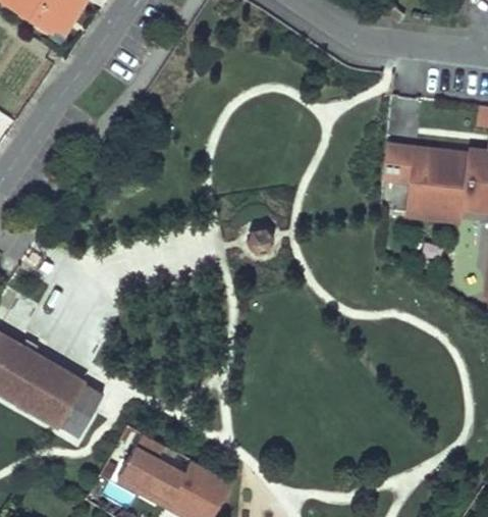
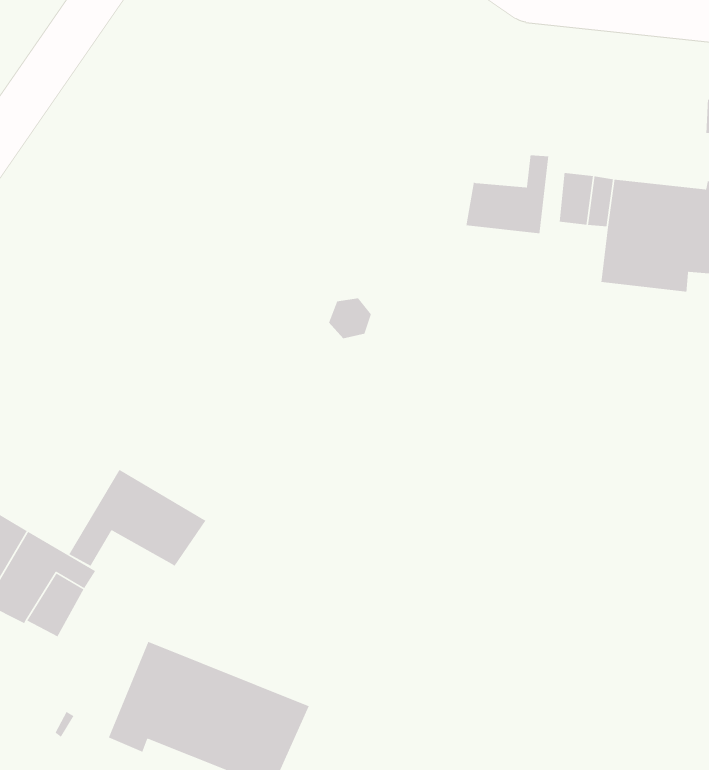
building: none -> [465,154,549,234]
building: none -> [68,469,207,567]

